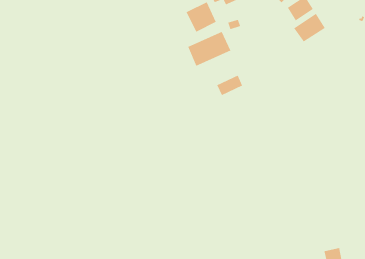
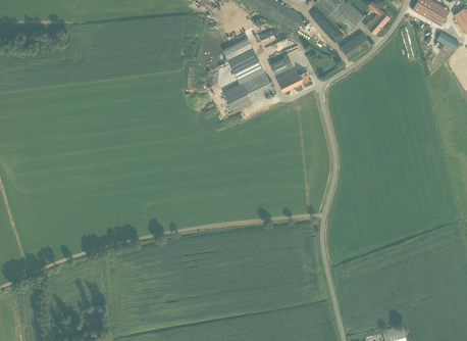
building: [293,13,326,43] -> none
building: [216,74,243,96] -> [275,64,307,90]

